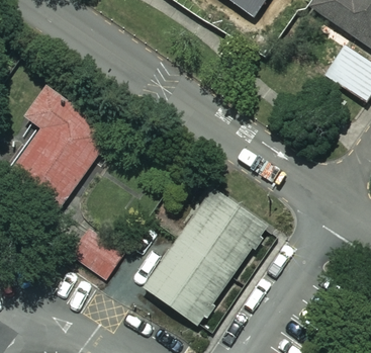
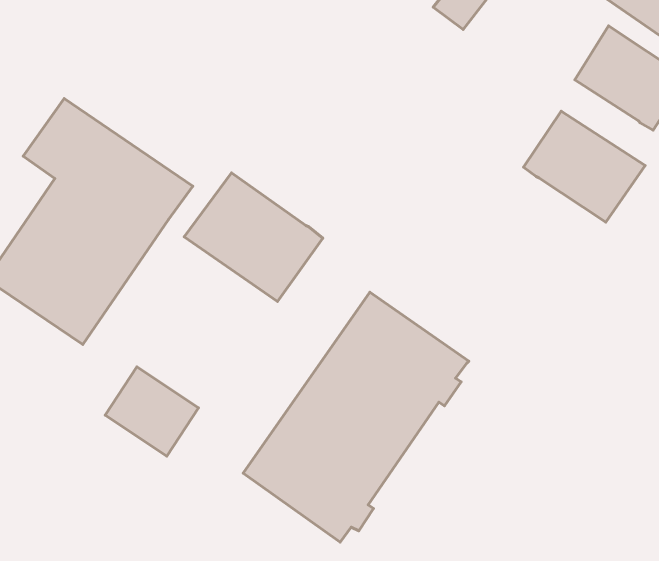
building: none -> [524,111,645,222]
building: none -> [184,173,323,301]

